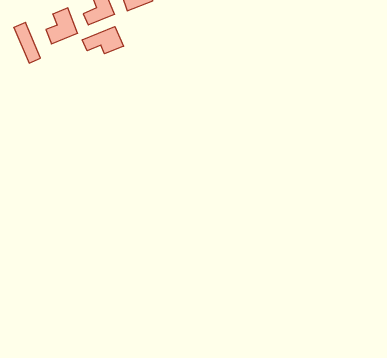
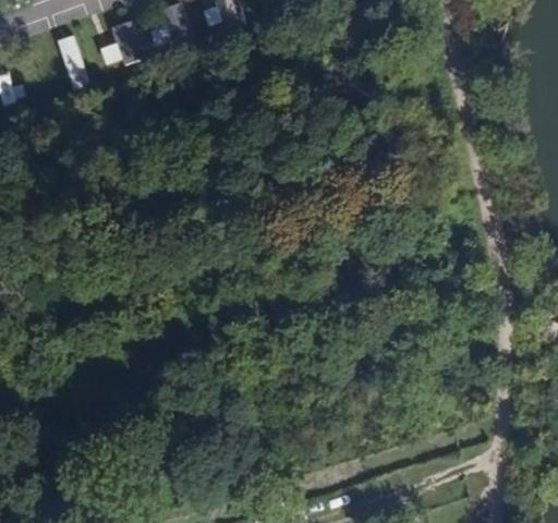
building: [82,27,124,54] -> none

